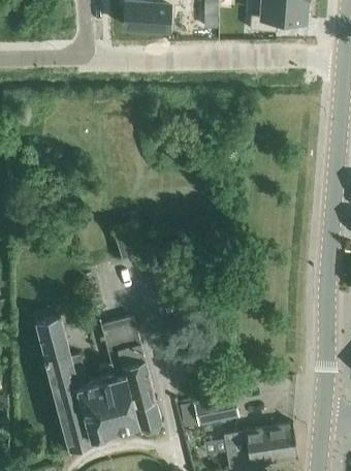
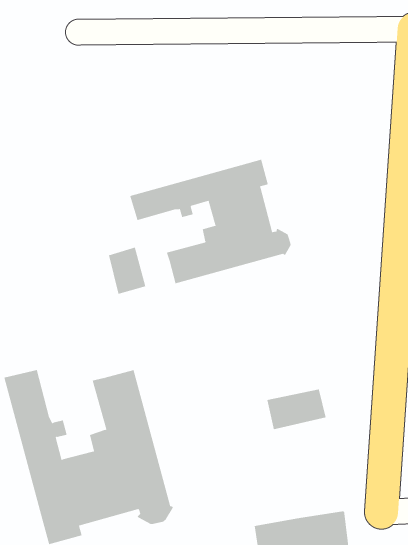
building: none -> [129,159,291,284]
building: [194,397,240,428] -> [267,389,326,430]

